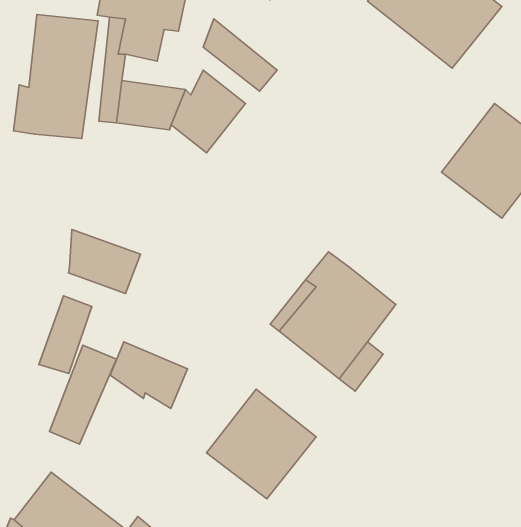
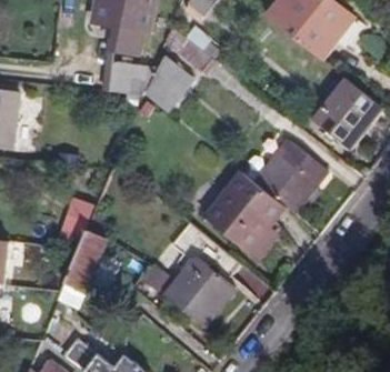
building: [14,14,98,138] -> none
building: none -> [256,139,326,211]
building: [69,230,140,294] -> none
building: [110,342,187,408] -> none

